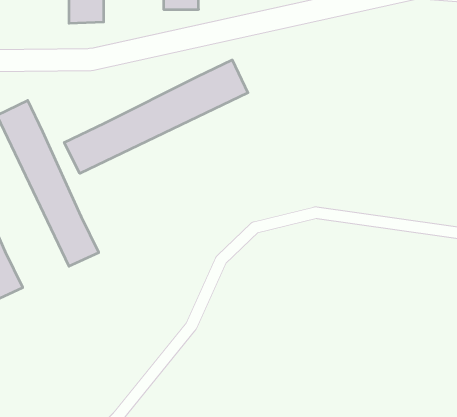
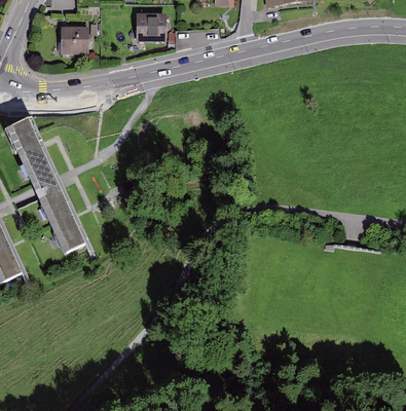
building: [64,60,248,173] -> none

